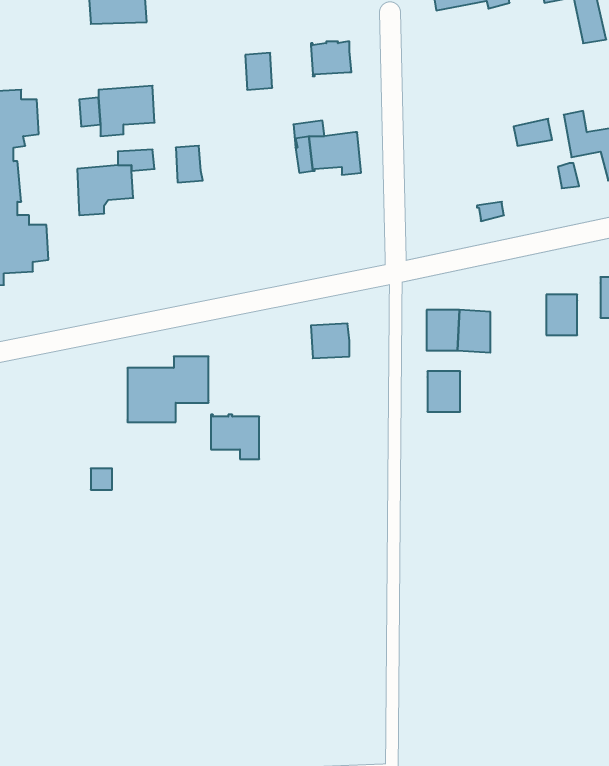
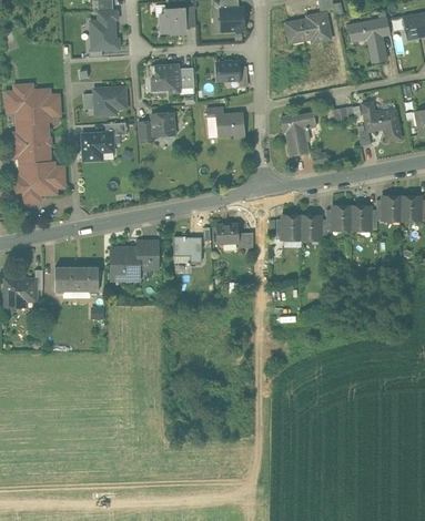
building: none -> [151,64,180,92]
building: none -> [151,112,174,135]
building: none -> [281,112,316,155]
building: [427,371,460,412] -> [333,206,352,229]
building: none -> [54,267,98,289]
building: [211,415,259,459] -> [173,236,201,262]

